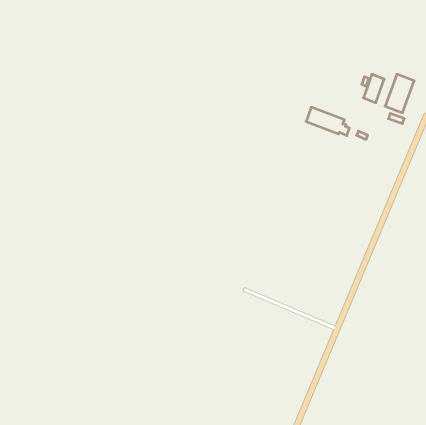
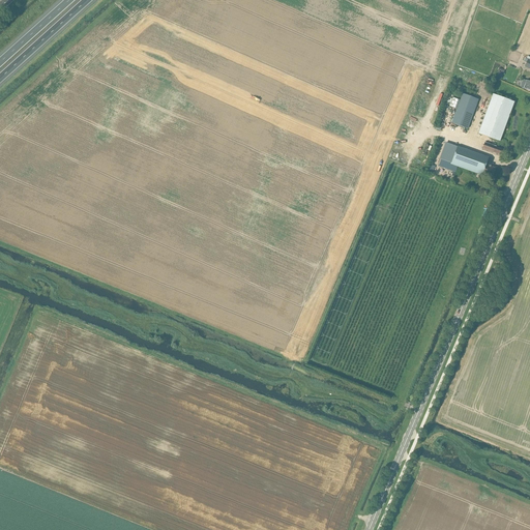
building: [306,107,349,136] -> [441,141,495,176]

